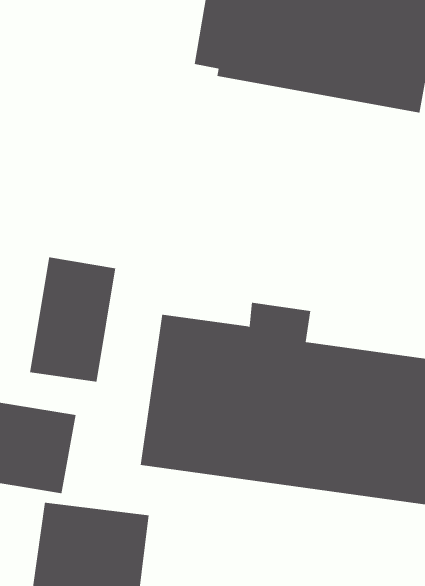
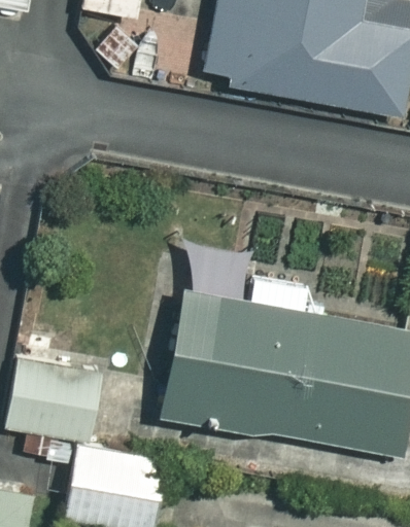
building: [29,257,116,383] -> none

